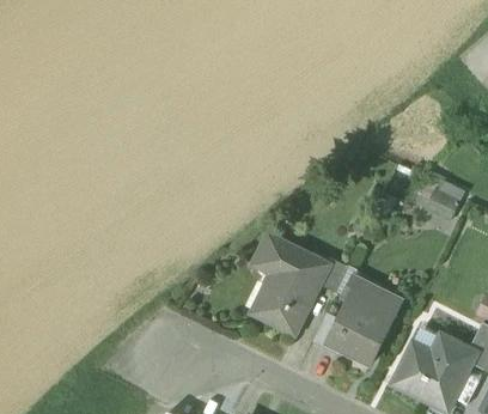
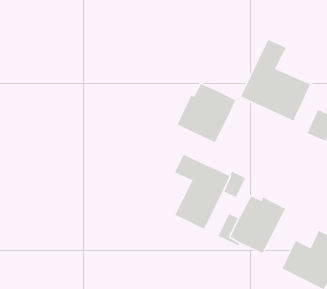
building: none -> [240,39,313,121]
building: none -> [176,83,236,143]

